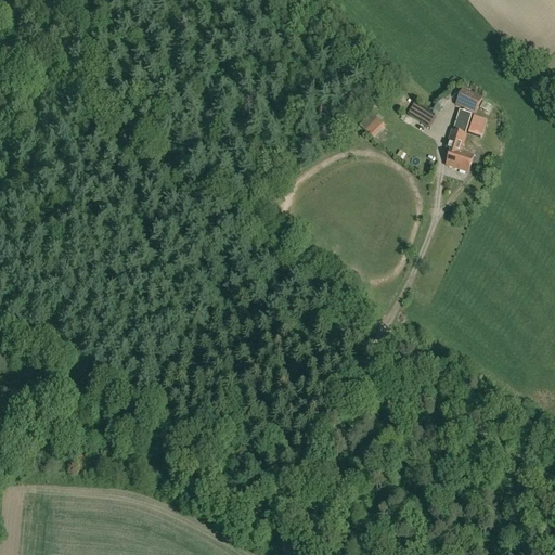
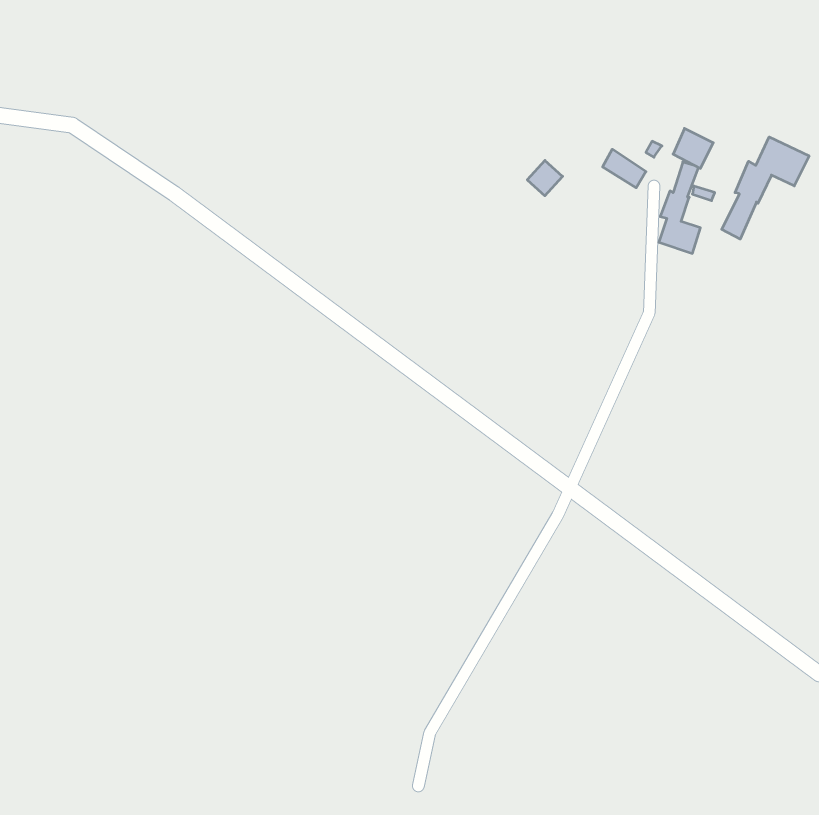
building: none -> [722,137,809,239]

